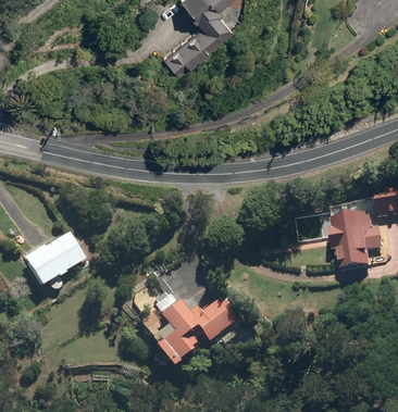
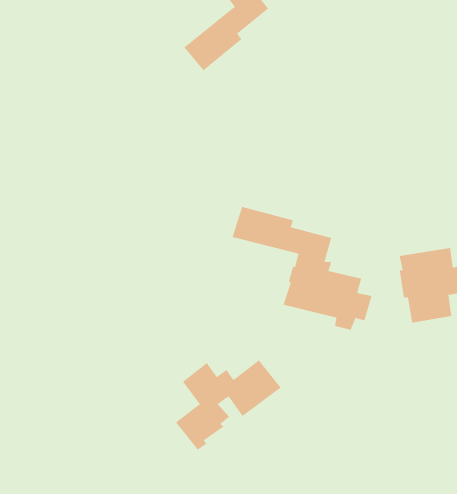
building: none -> [232,206,372,330]
building: [25,234,87,288] -> none

